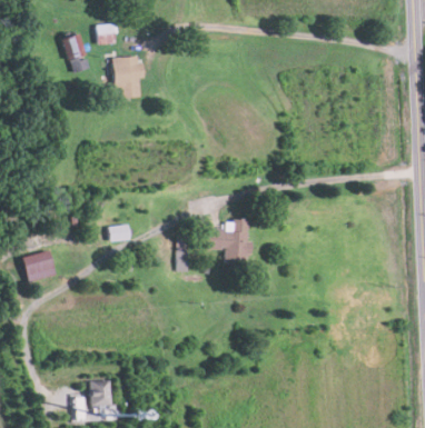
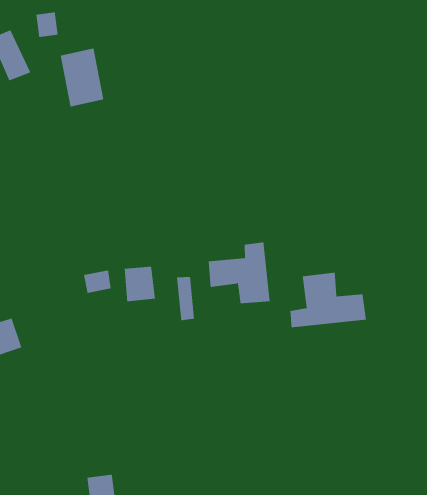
building: none -> [124,266,156,302]
building: none -> [290,272,366,328]

